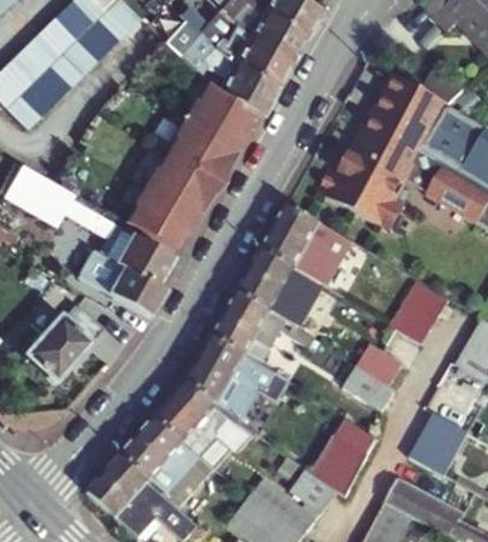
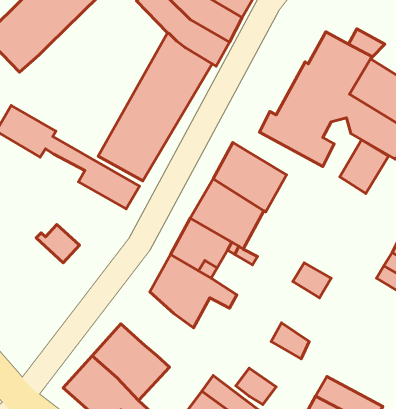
building: [86,249,169,314] -> none
building: [390,283,447,346] -> [340,140,388,193]
building: [23,316,86,381] -> none
building: [341,366,393,411] -> none
building: [154,380,251,455] -> none
building: [408,412,466,475] -> none
building: [310,438,365,496] -> none

